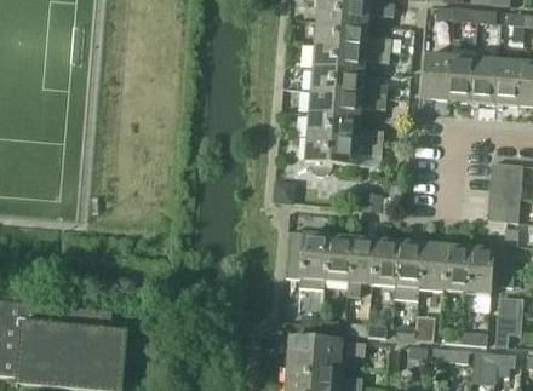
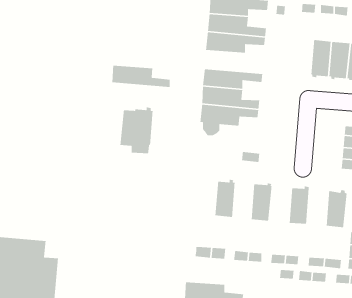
building: [423,52,451,100] -> none
building: [311,68,386,97] -> [112,65,170,88]
building: [285,229,328,289] -> [119,107,154,154]
building: [346,234,374,297] -> none
building: [394,238,423,300] -> none
building: [442,242,470,292] -> none
building: [287,337,365,366] -> none

